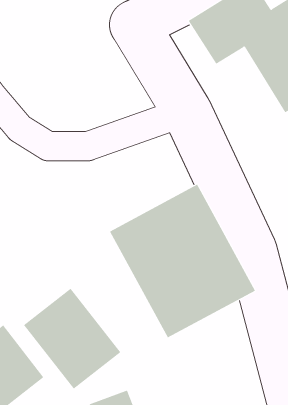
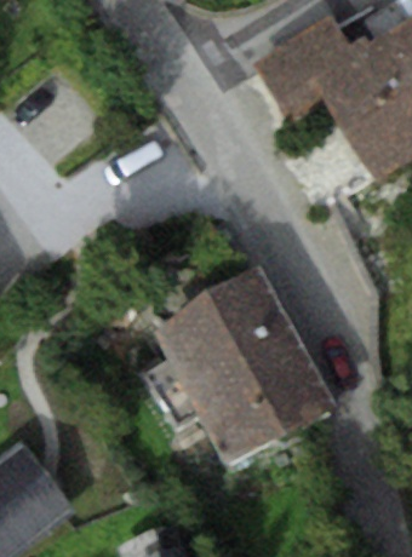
building: [23,288,121,389] -> none

